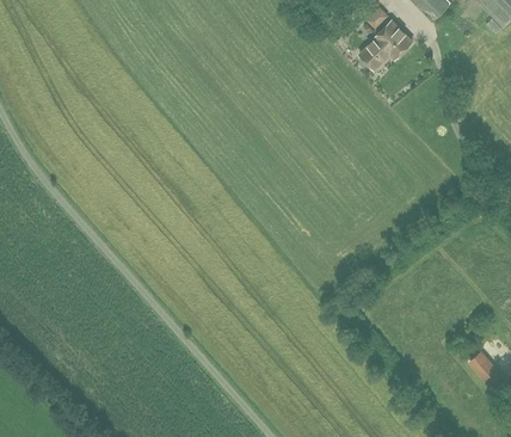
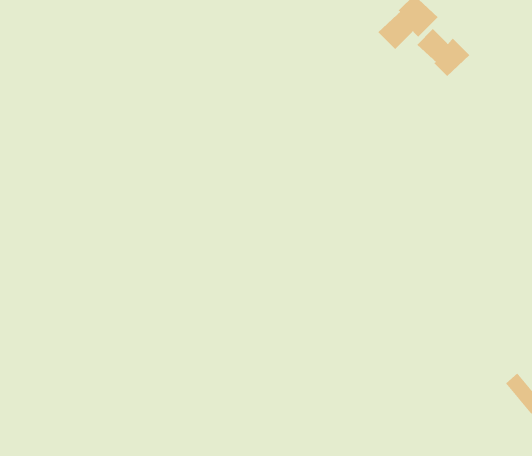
building: none -> [416,28,470,77]

